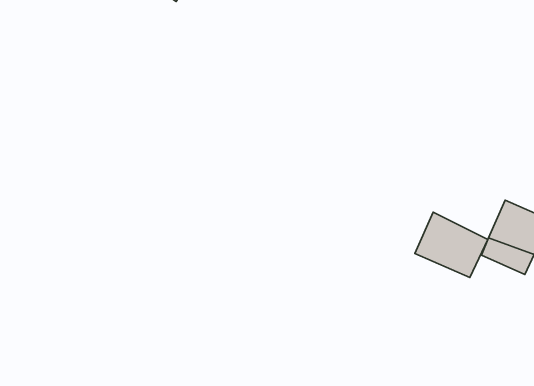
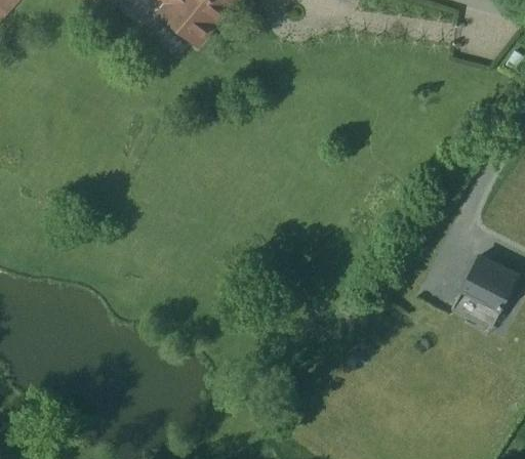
building: [415,212,488,278] -> none

